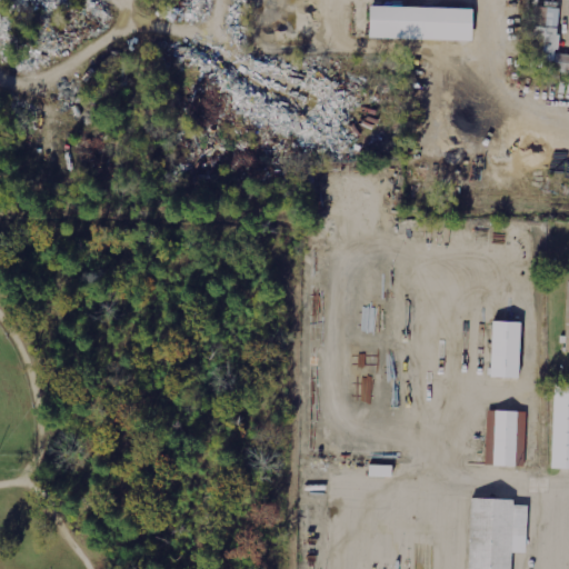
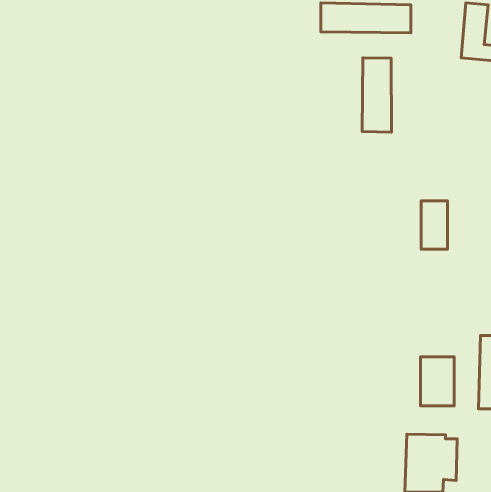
building: none -> [362,58,391,132]
building: [492,322,522,378] -> [421,201,447,249]

